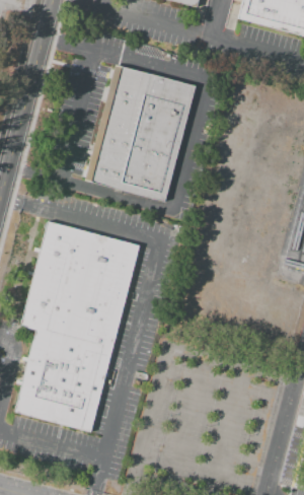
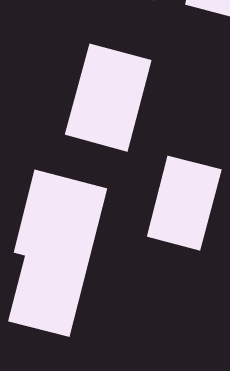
building: none -> [146,155,222,251]

